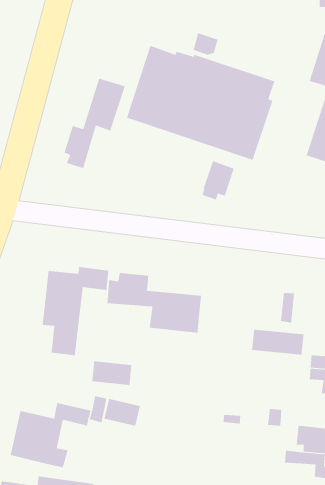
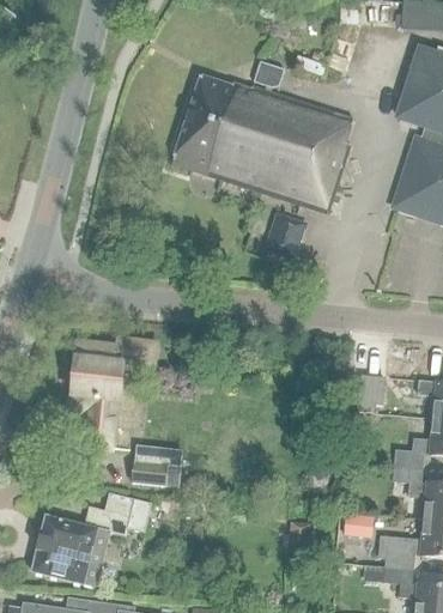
building: [64,78,126,169] -> none
building: [107,272,201,333] -> none
building: [252,329,304,356] -> none
building: [104,398,140,427] -> none

